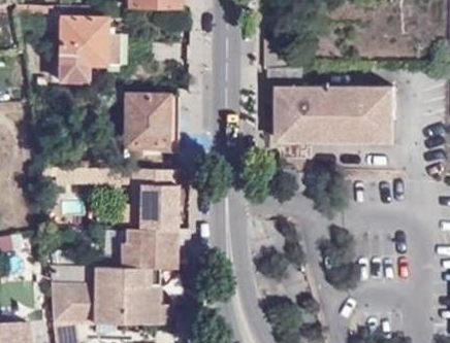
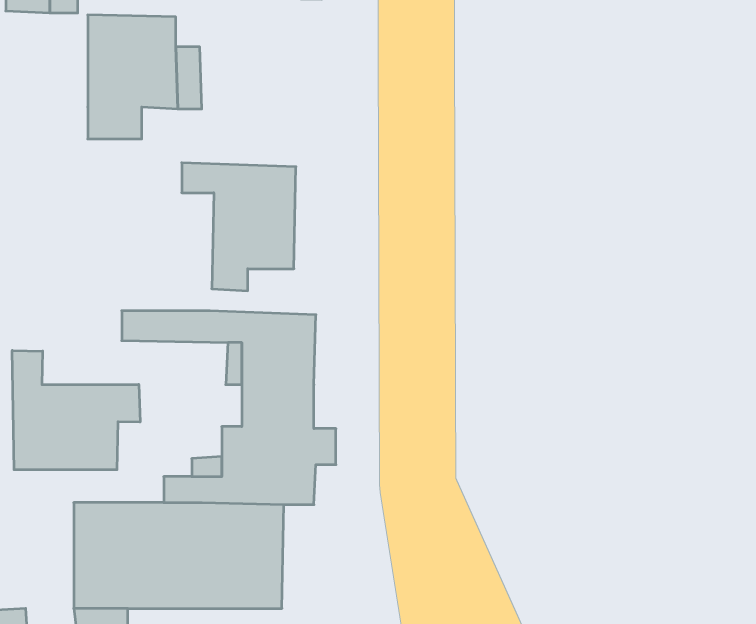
building: [272,69,396,143] -> none
building: none -> [12,350,140,470]

